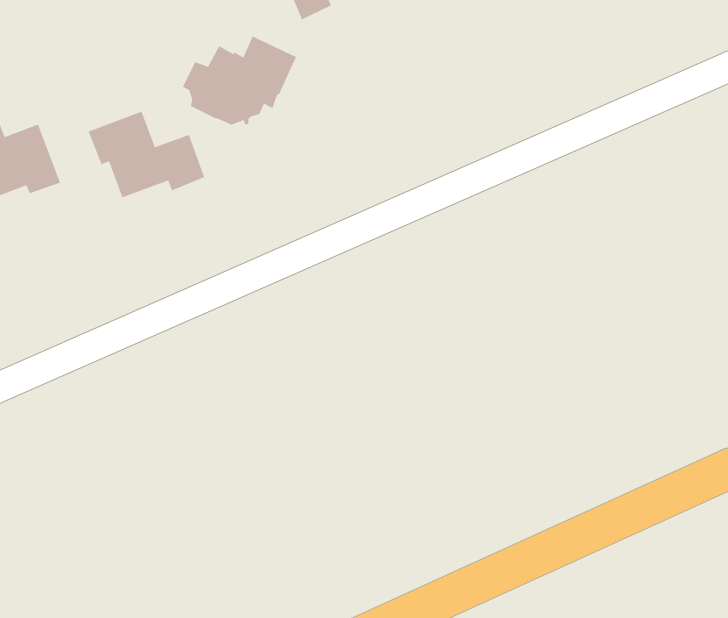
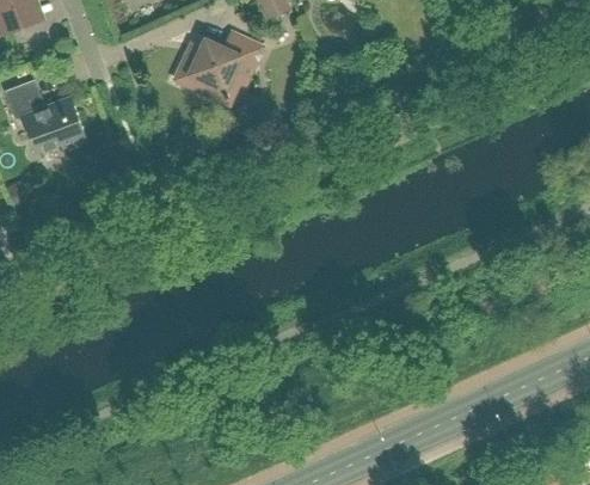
building: [88,111,205,198] -> none

